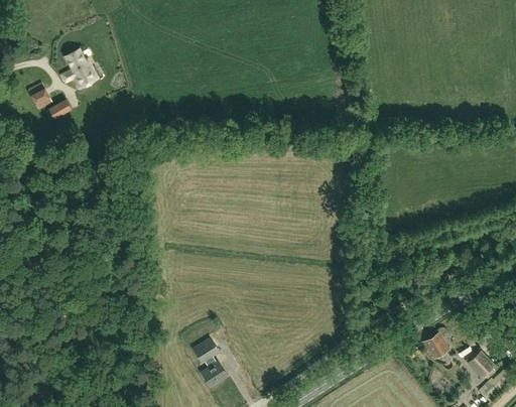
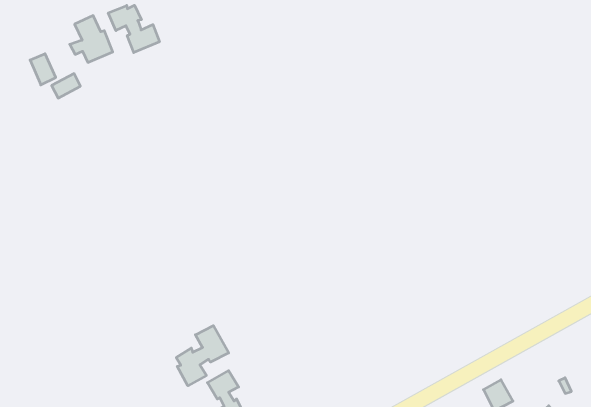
building: none -> [108,5,159,53]
building: none -> [176,326,229,386]

